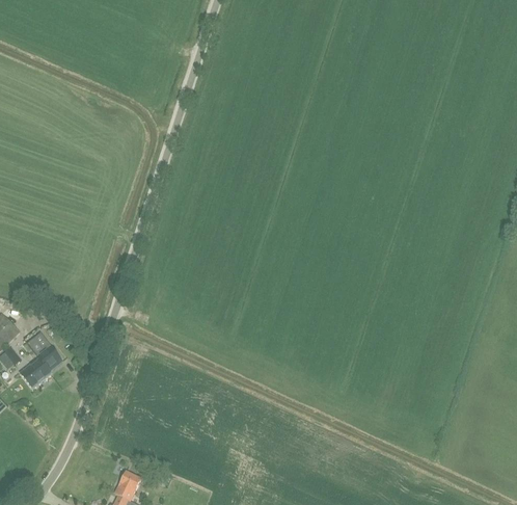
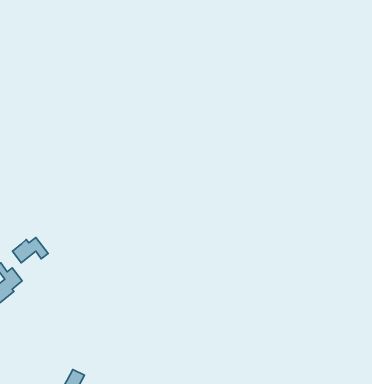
building: none -> [12,238,48,263]

